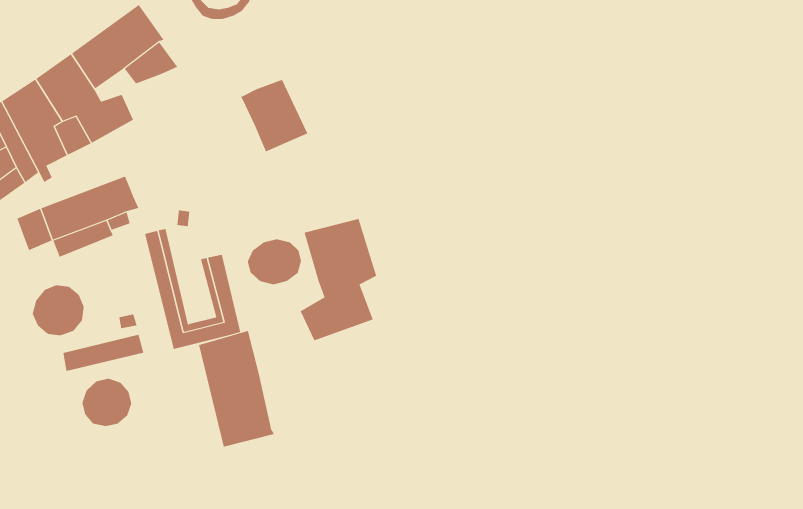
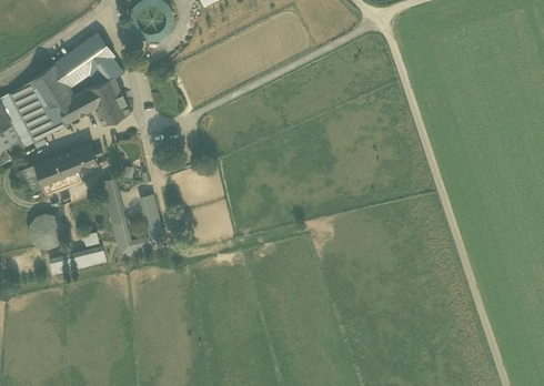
building: [240,79,308,152] -> [85,78,130,125]
building: [300,218,377,341] -> none
building: [247,238,302,285] -> none
building: [199,330,275,447] -> none
building: [82,378,132,427] -> none

